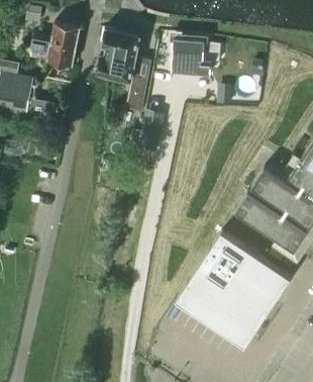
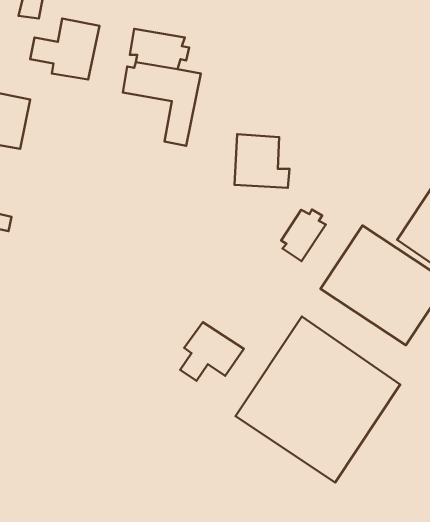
building: [172,37,210,75] -> [234,134,289,188]
building: none -> [281,210,326,261]
building: none -> [180,322,244,381]

